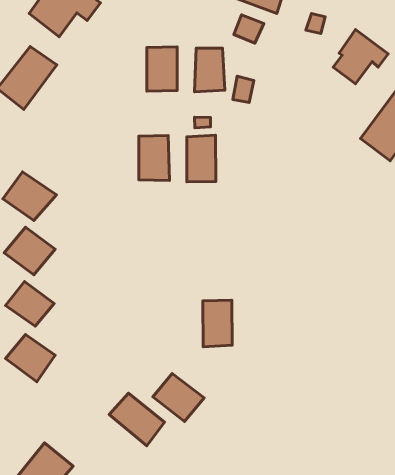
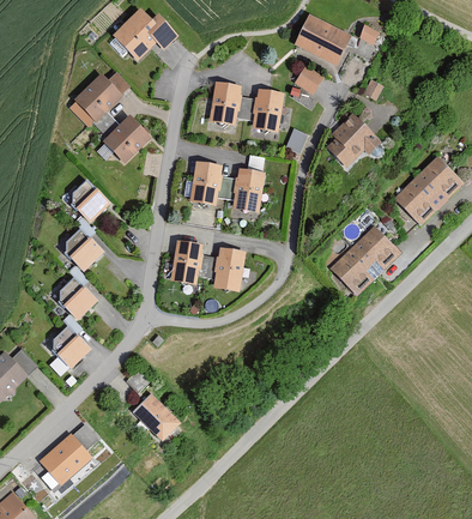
building: [333,29,388,84] -> [326,111,377,161]
building: none -> [102,116,152,165]
building: none -> [331,224,395,288]
building: none -> [169,241,202,286]
building: [203,300,232,347] -> [213,248,246,292]
building: [153,373,204,421] -> none

